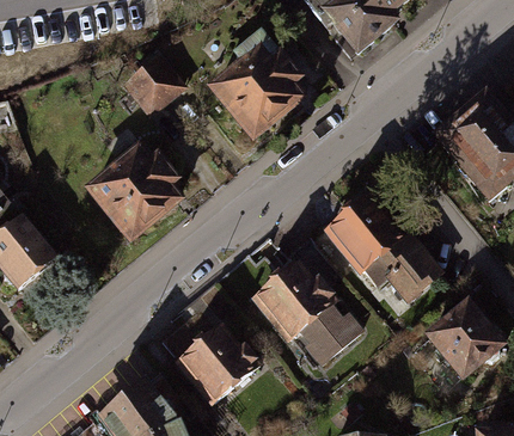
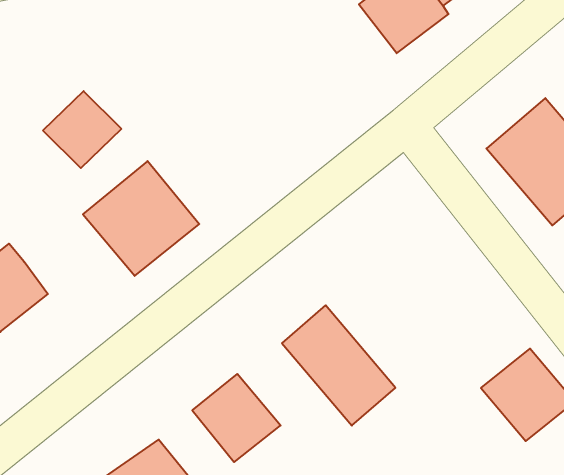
building: [210,41,308,139] -> none
building: [120,43,186,109] -> [43,91,121,168]
building: [324,190,437,309] -> none

